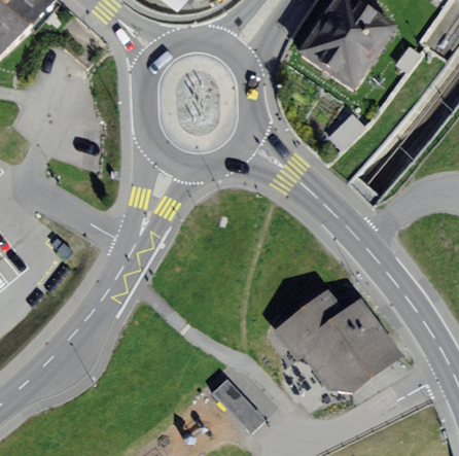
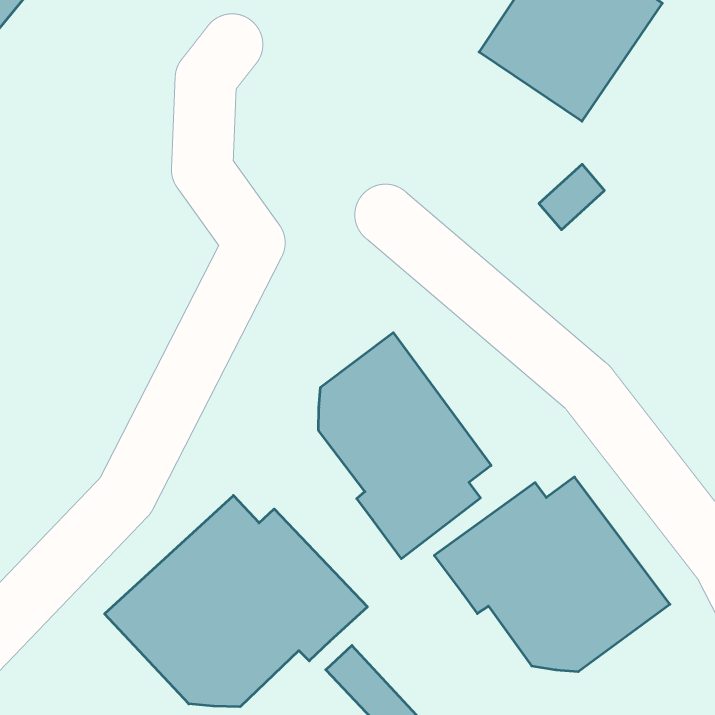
building: none -> [319,333,491,559]
building: none -> [105,495,367,707]

